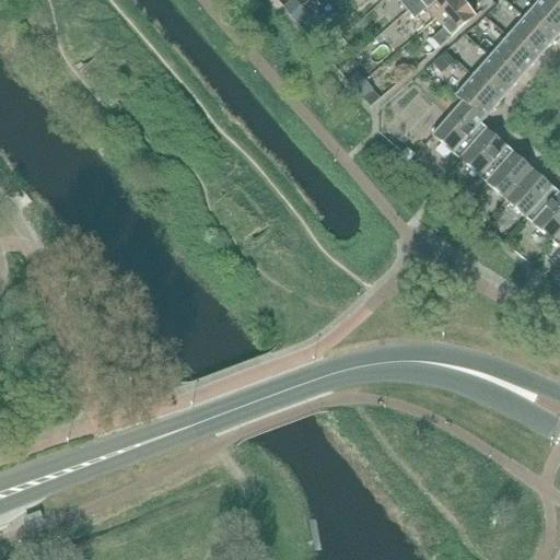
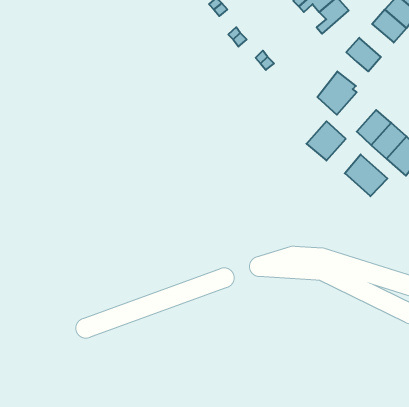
building: [491,33,538,78] -> none
building: [454,71,503,117] -> none
building: [460,126,514,179] -> [306,121,346,161]
building: none -> [345,154,387,196]

